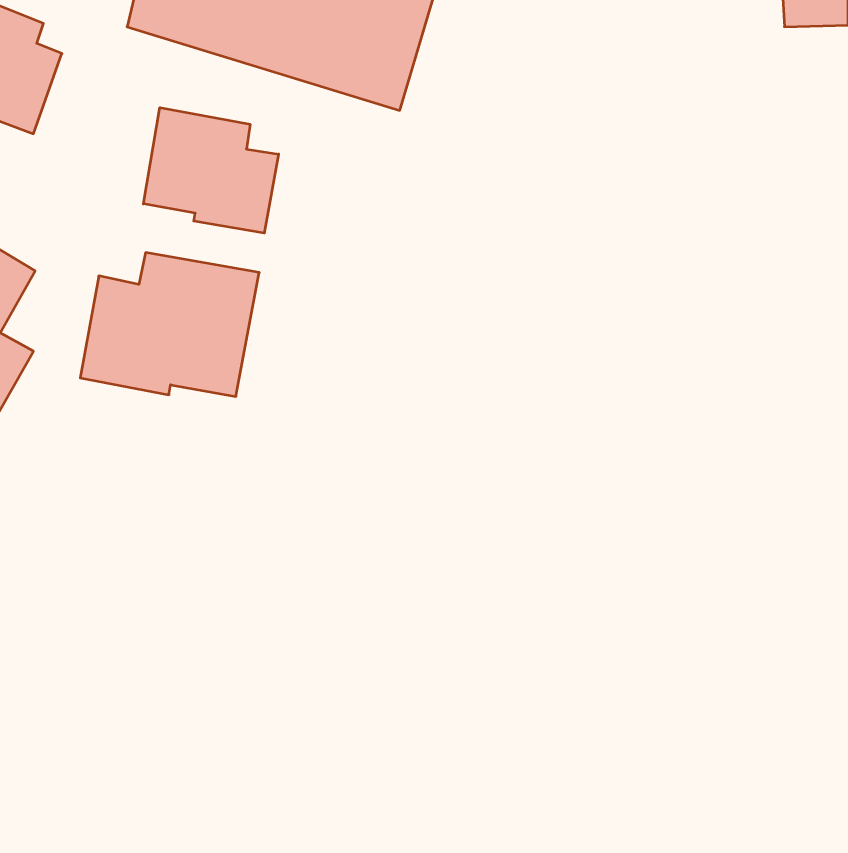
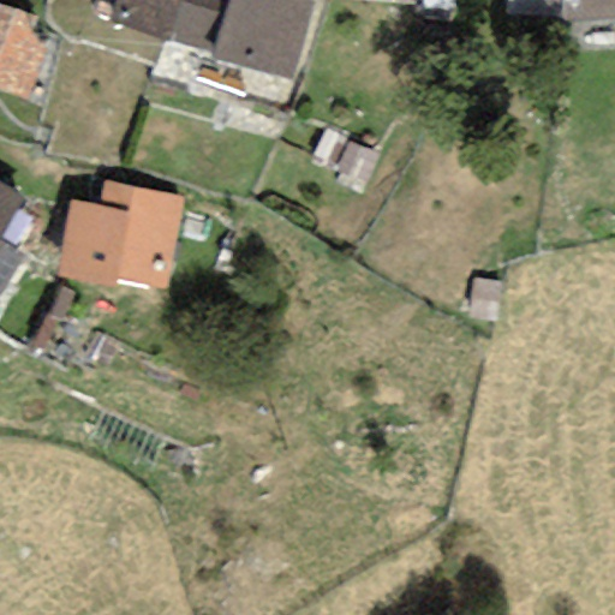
building: [143,108,279,233] -> none

